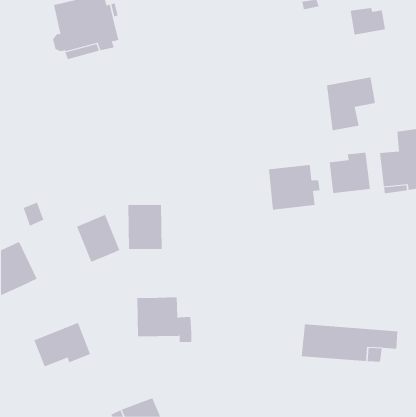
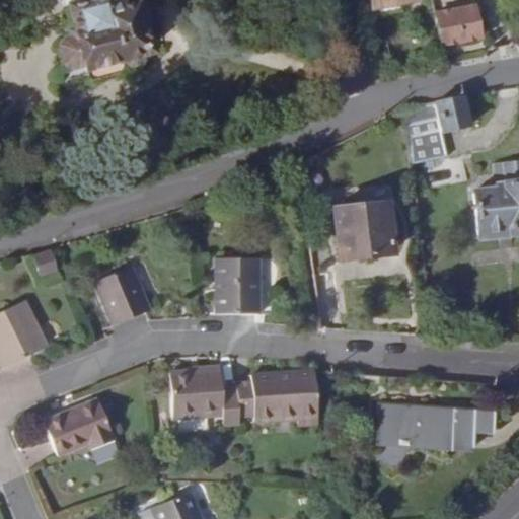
building: [329,152,370,194] -> none
building: [128,205,163,250] -> [216,257,260,313]
building: none -> [239,373,318,424]

